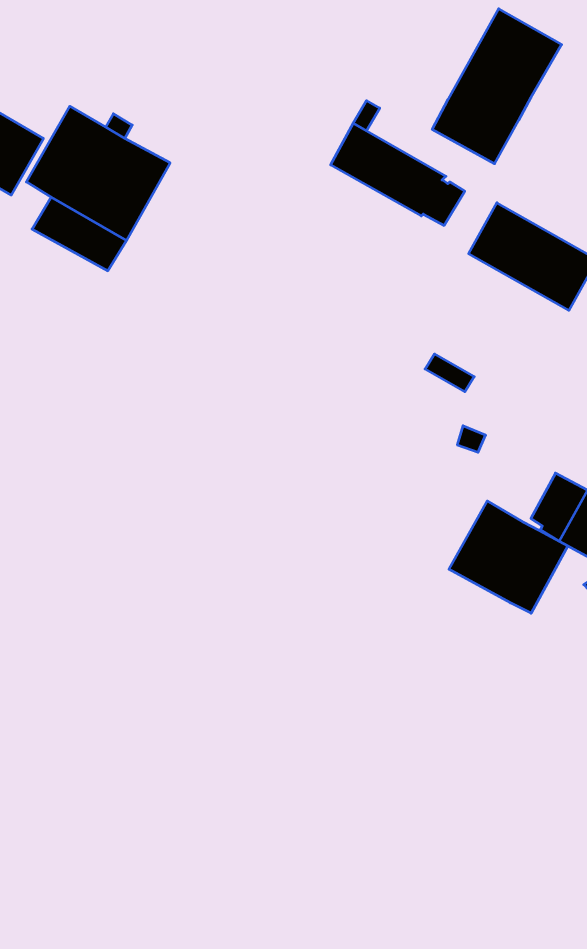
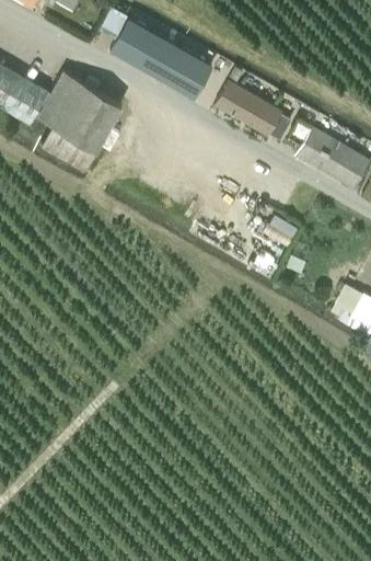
building: [432,9,562,164] -> none
building: none -> [111,20,212,99]
building: [449,501,568,613] -> none

